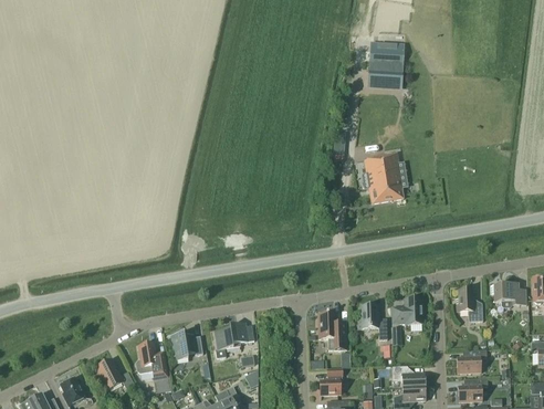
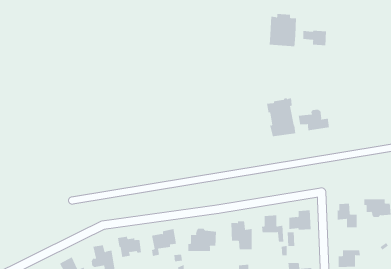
building: none -> [303,30,327,46]
building: none -> [298,109,330,131]
building: none -> [188,228,217,252]

